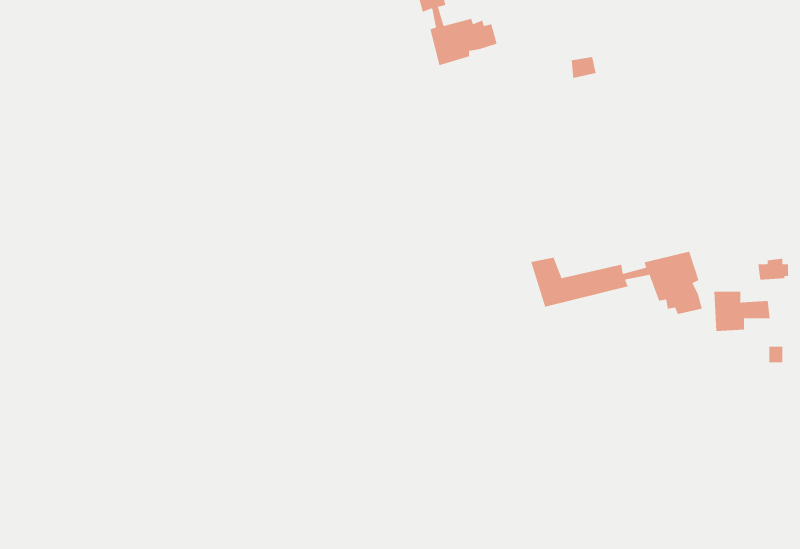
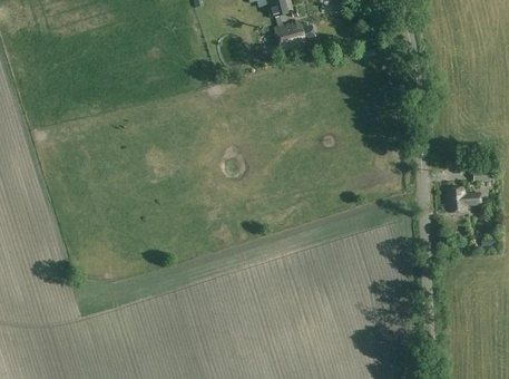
building: [531,251,703,315] -> none

